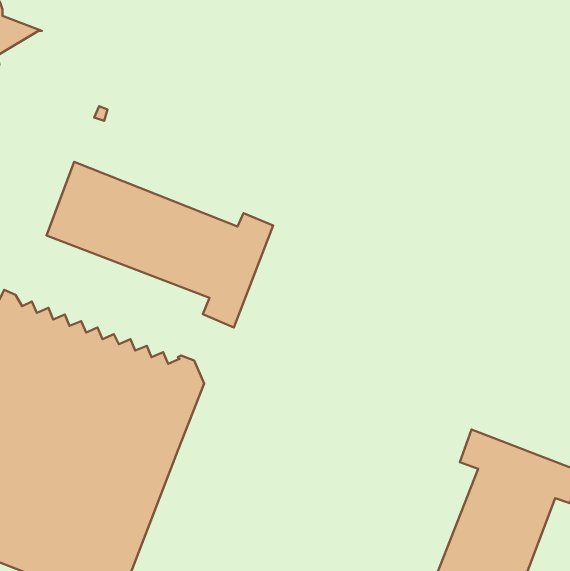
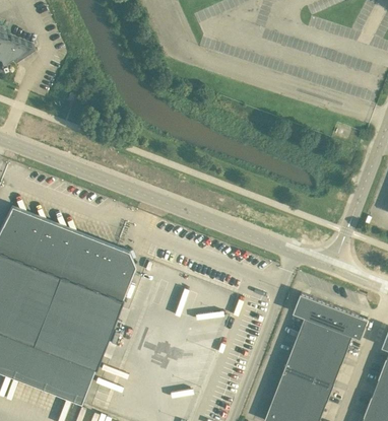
building: [46,162,273,327] -> none

